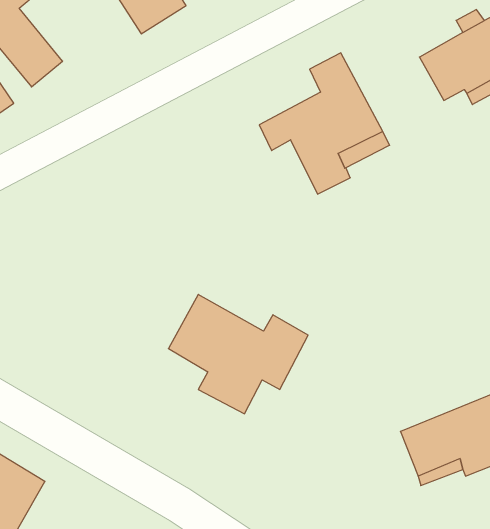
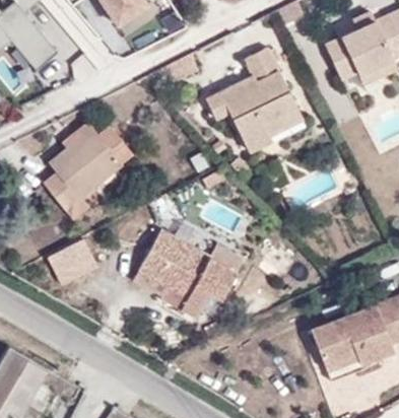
building: none -> [41,128,133,226]
building: none -> [43,239,95,289]

